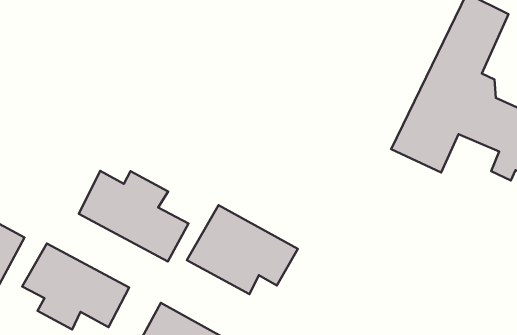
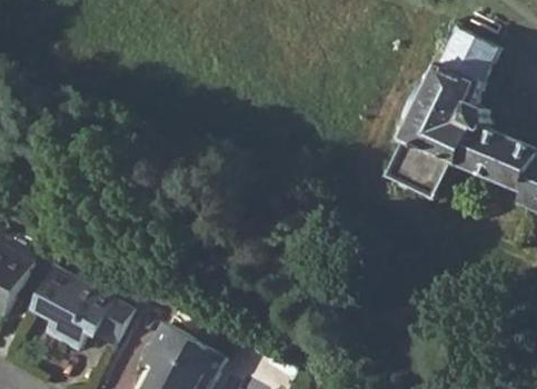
building: [79,171,189,262] -> none
building: [187,205,298,294] -> none

